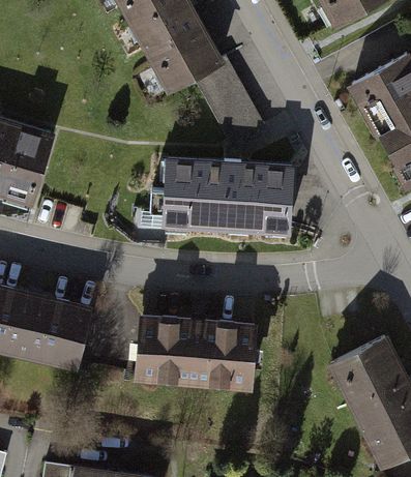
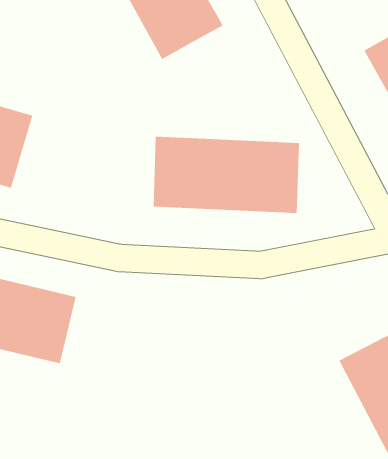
building: [195,62,260,142] -> none
building: [136,317,258,392] -> none

